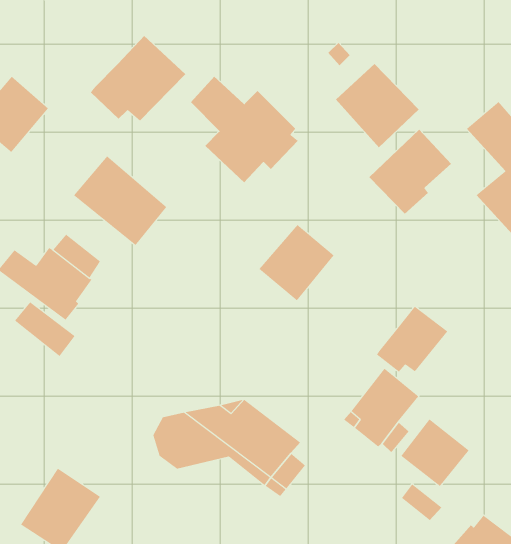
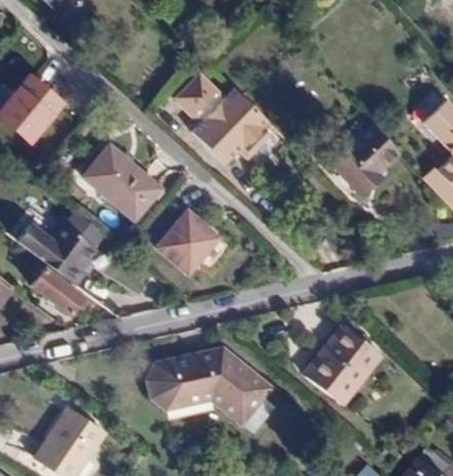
building: [90,35,186,122] -> none
building: [335,63,419,148] -> none
building: [259,224,334,301] -> [155,210,220,275]
building: [376,306,448,373] -> none
building: [400,418,469,487] -> none

